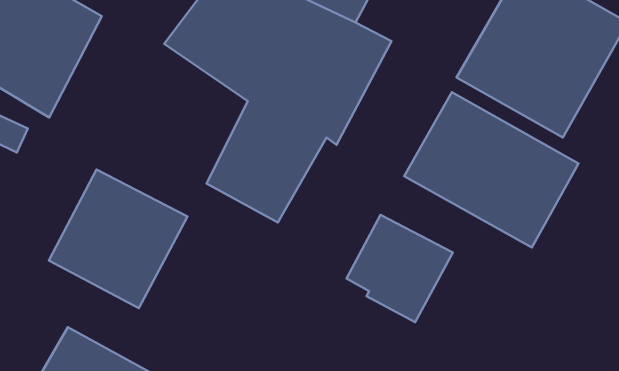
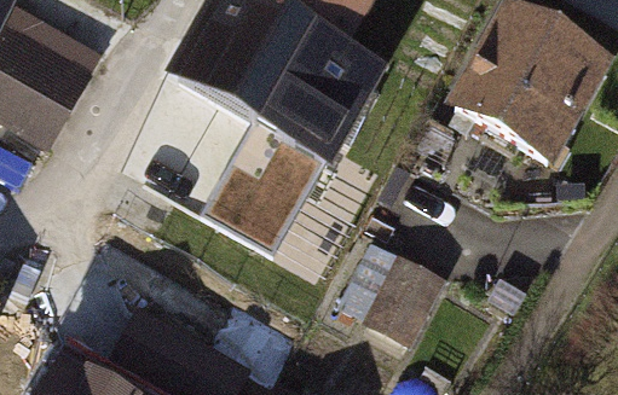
building: [404,92,578,247] -> none
building: [49,169,187,308] -> none

